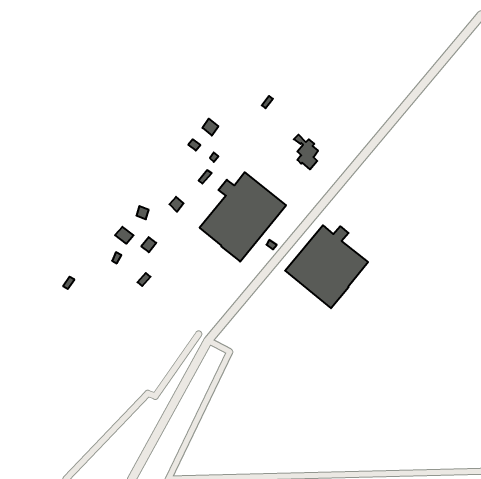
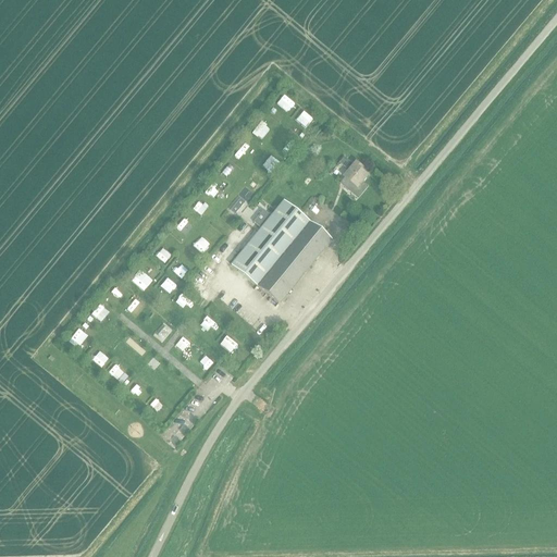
building: [285,225,368,308] -> none

